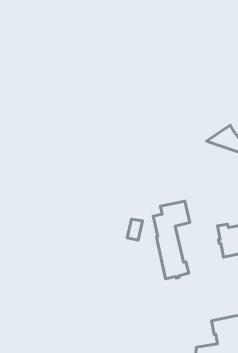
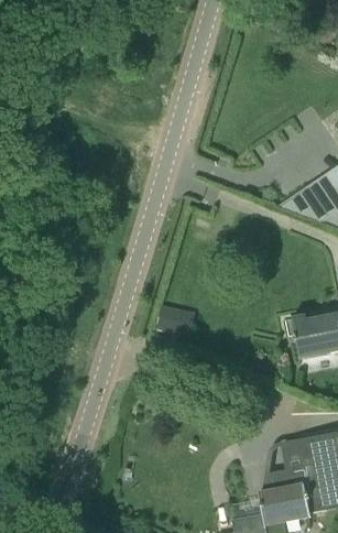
building: [153,201,190,279] -> none

